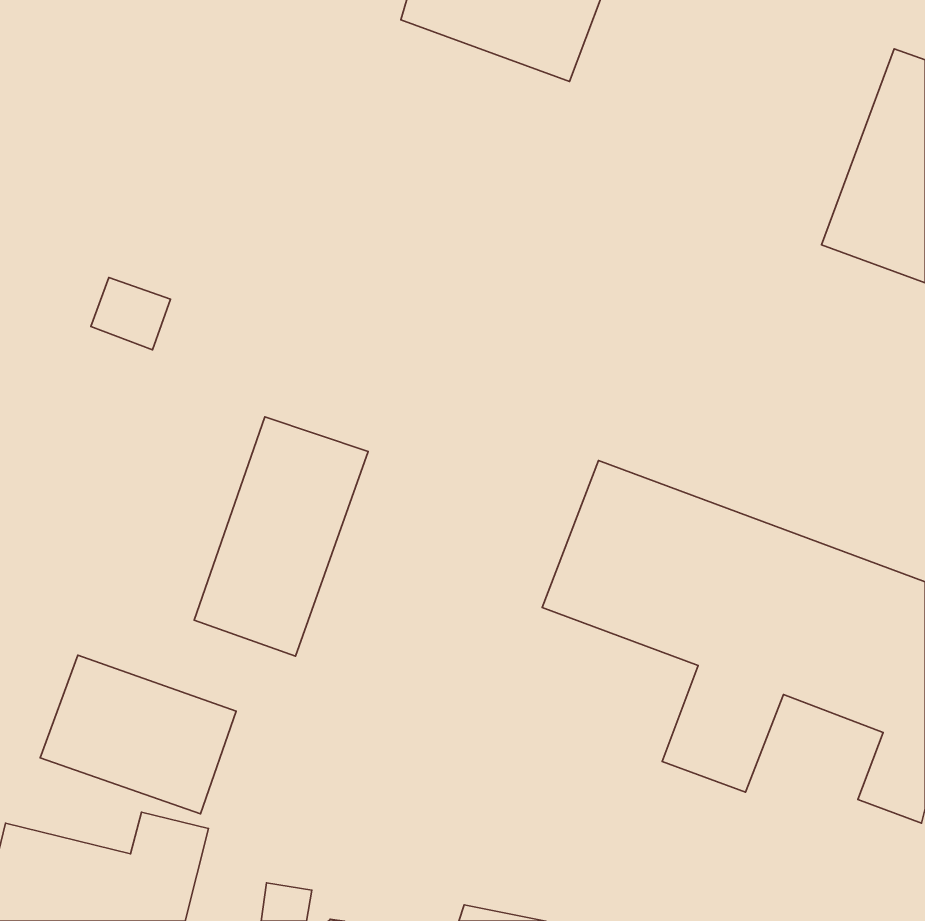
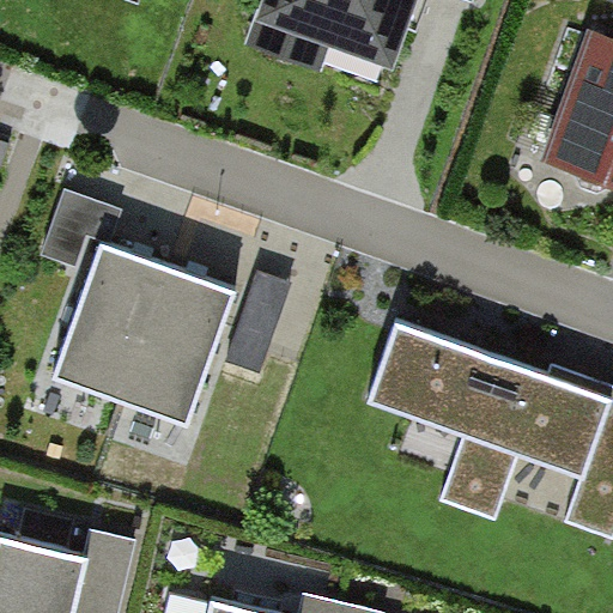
building: none -> [61,251,175,409]
building: [40,655,236,814] -> none

